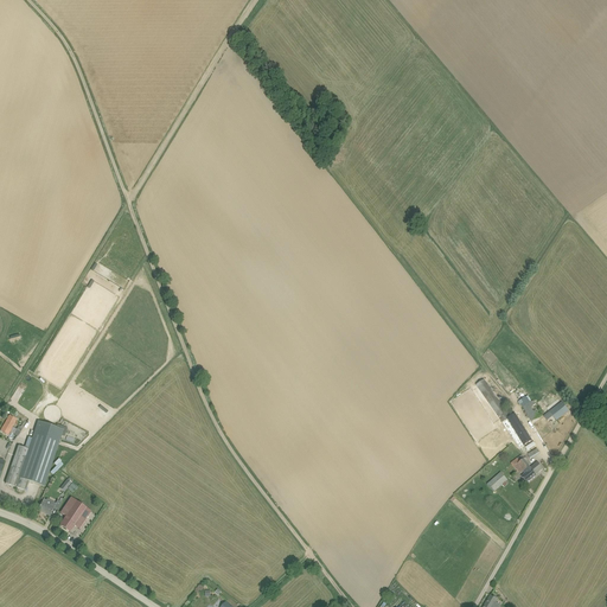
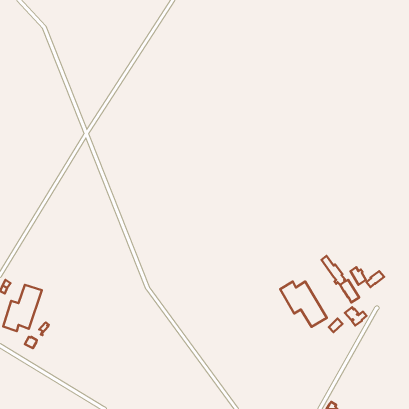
building: none -> [280,281,327,327]
building: [59,497,90,531] -> none

